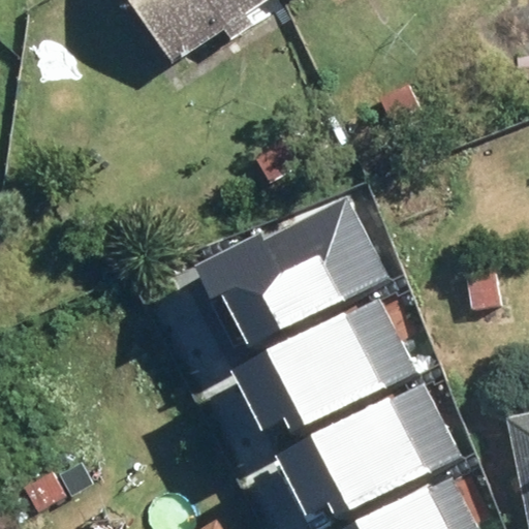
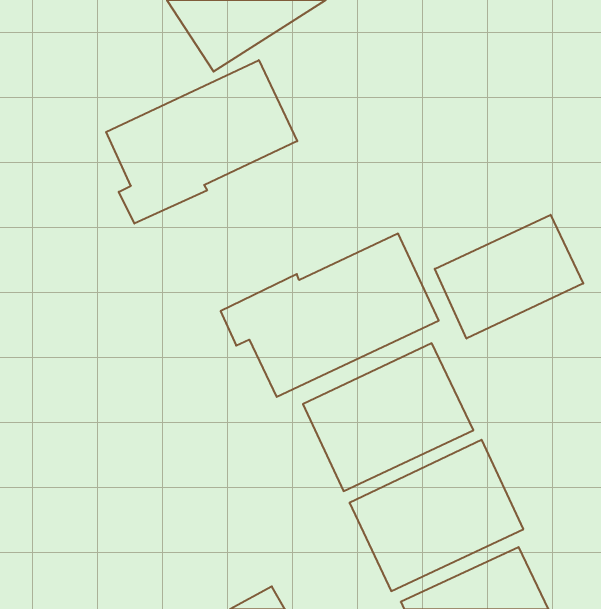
building: none -> [106,60,297,224]
building: none -> [435,215,583,339]

